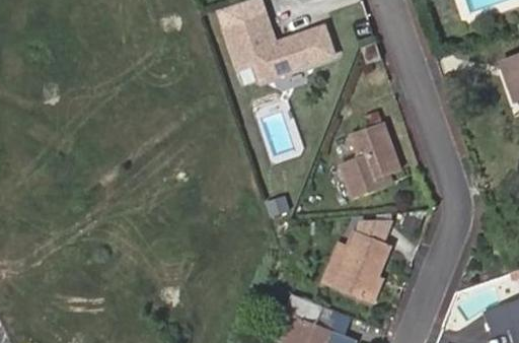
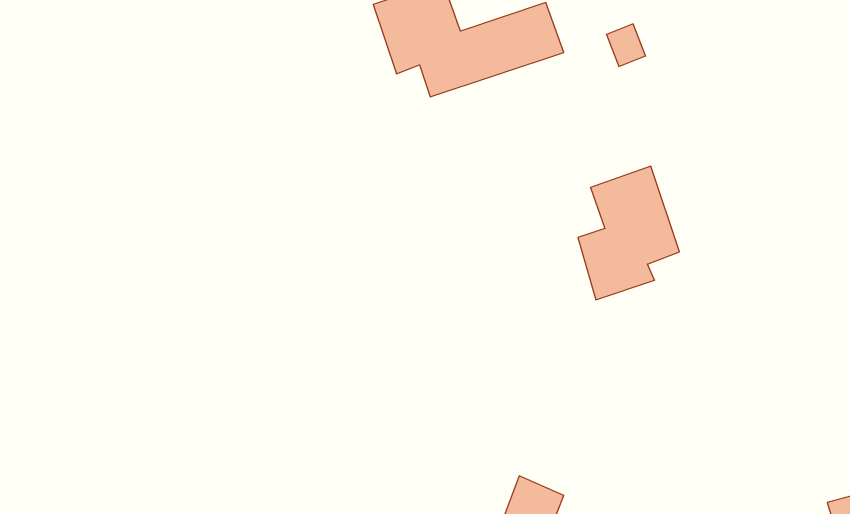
building: [335,215,396,299] -> none

